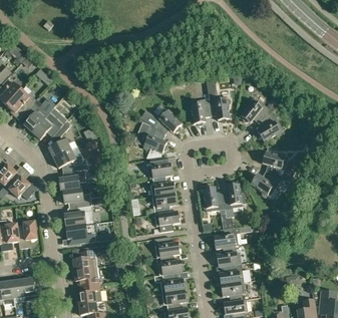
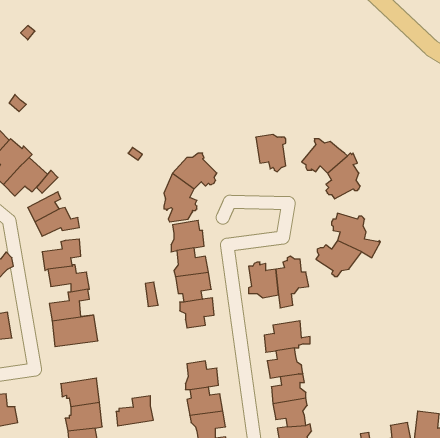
building: [188,97,211,124] -> none
building: [153,236,180,256] -> none
building: [70,249,96,270] -> [116,396,153,426]

